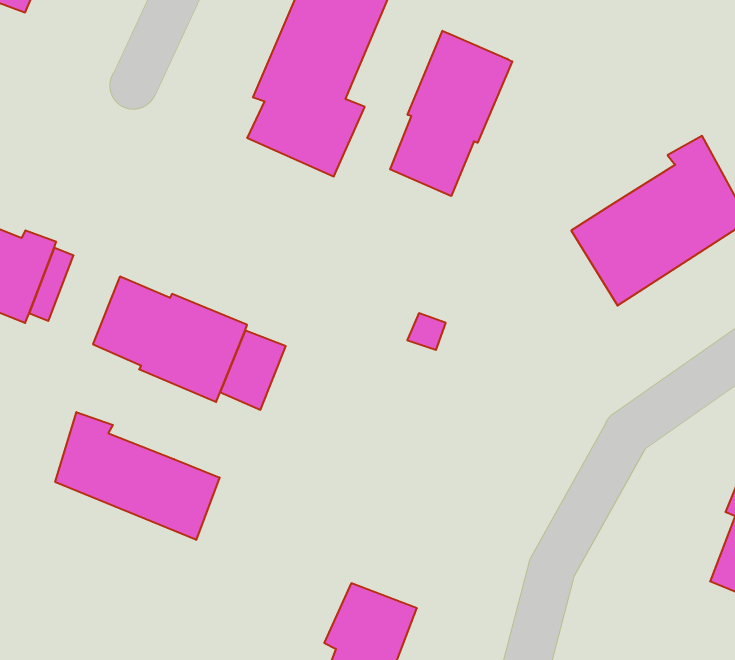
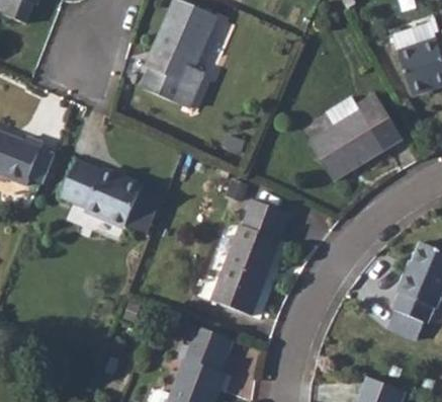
building: [390,31,512,196] -> none
building: none -> [211,200,288,317]
building: [55,412,220,540] -> none

